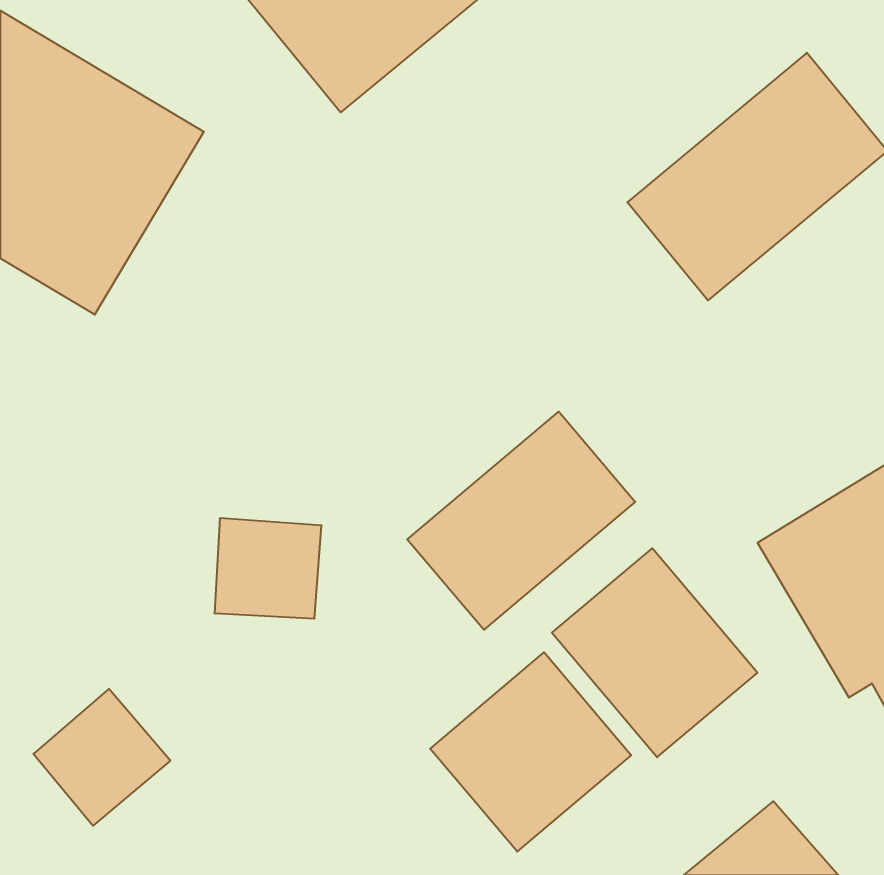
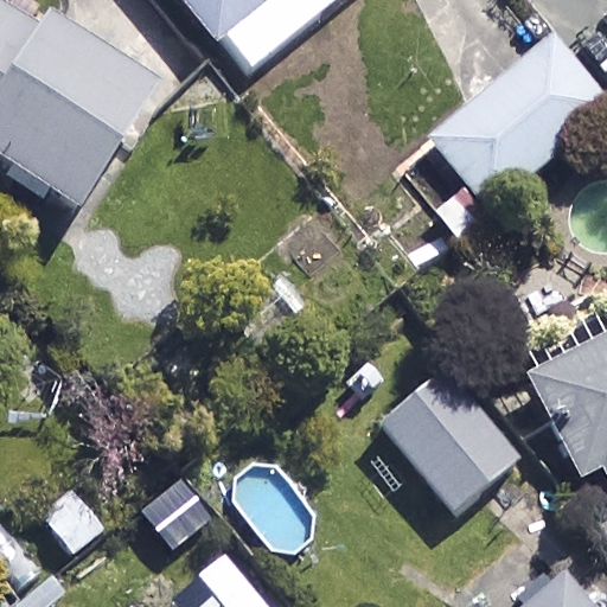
building: [407,412,635,630] -> none
building: [430,652,631,852] -> none

